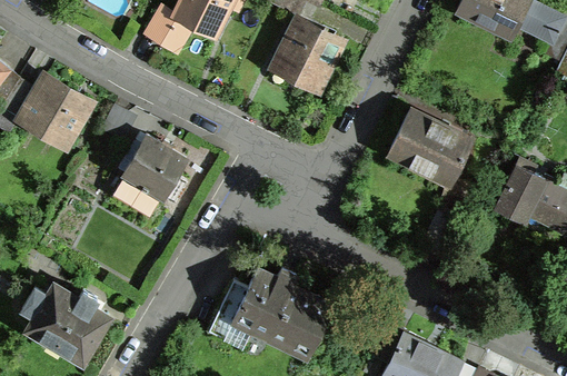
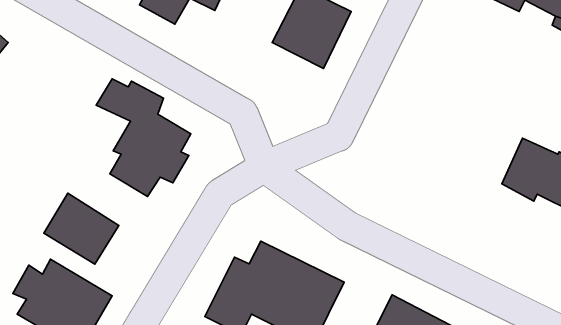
building: [12,71,98,156] -> none
building: [387,108,475,189] -> none
building: none -> [44,193,119,264]

